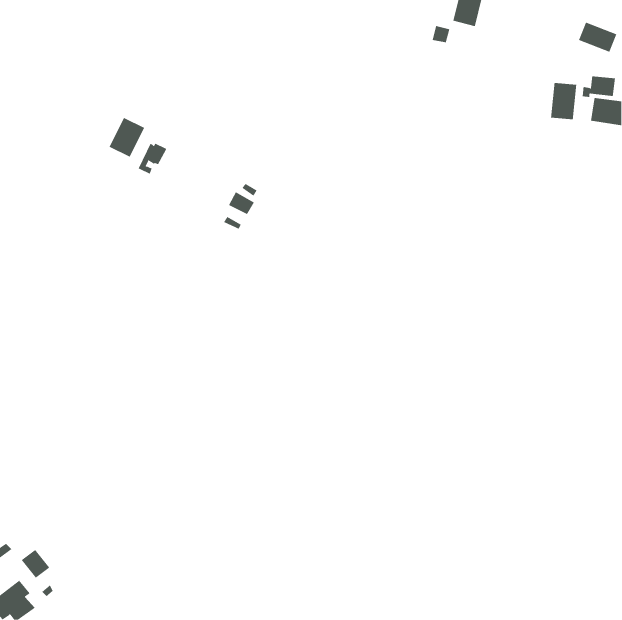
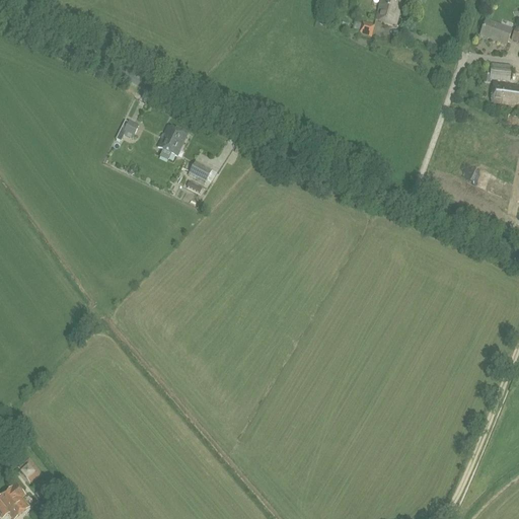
building: [551,82,577,120] -> none
building: [109,117,145,158] -> none
building: none -> [157,124,187,154]

